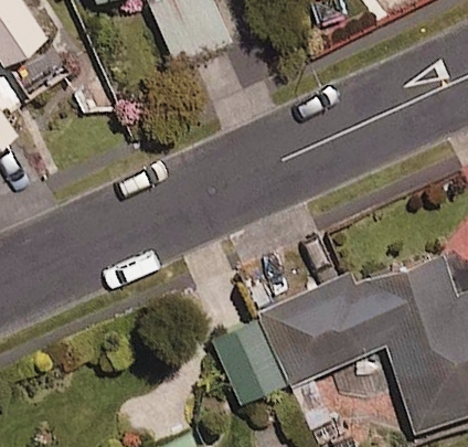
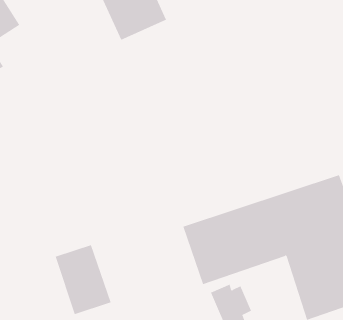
building: [211,311,283,401] -> [55,244,111,315]

